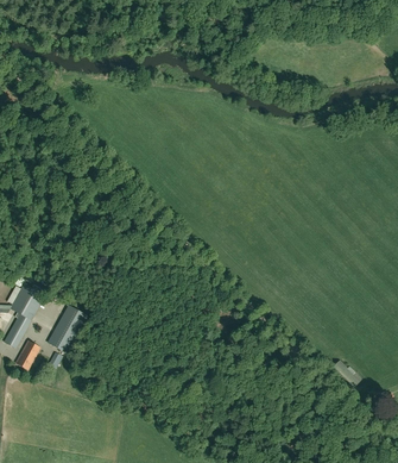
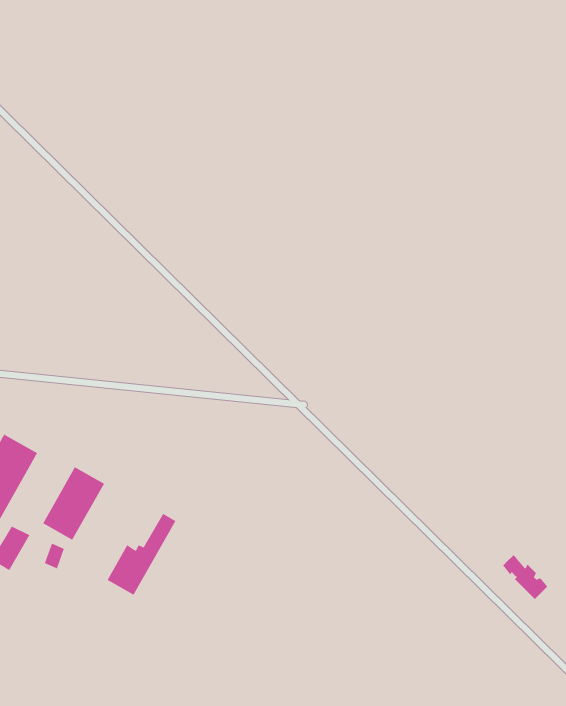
building: none -> [107,513,176,596]

